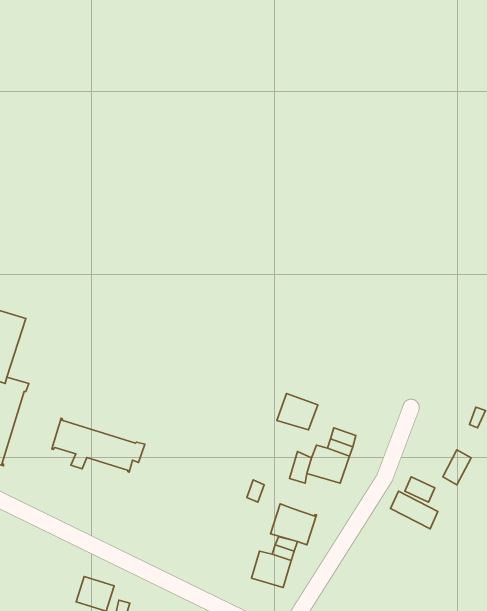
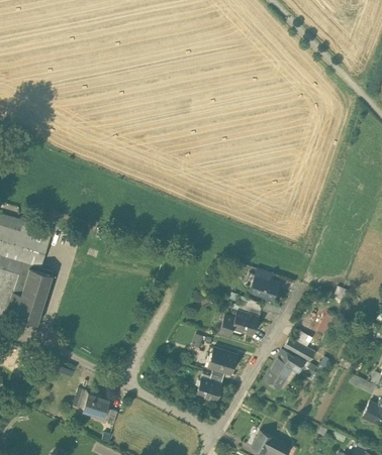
building: [277,394,318,430] -> [252,277,278,301]
building: [52,418,145,472] -> none
building: none -> [266,352,297,388]

